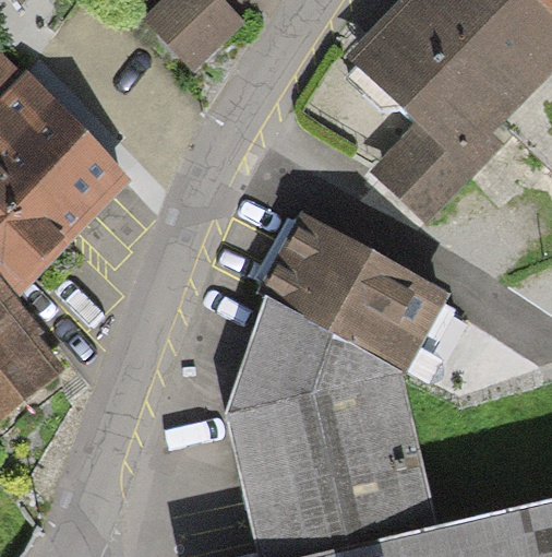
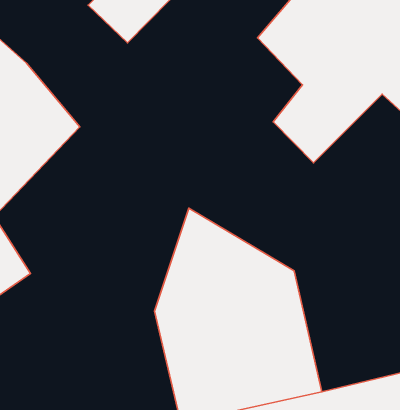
building: [256,209,447,369] -> none

